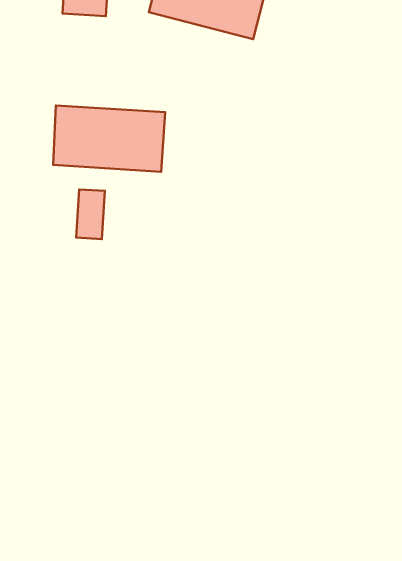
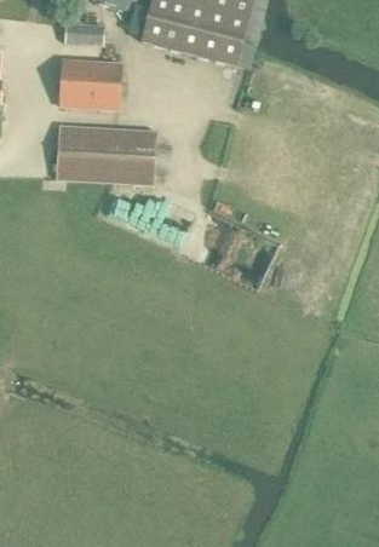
building: none -> [59,59,120,108]
building: [76,189,105,239] -> none

